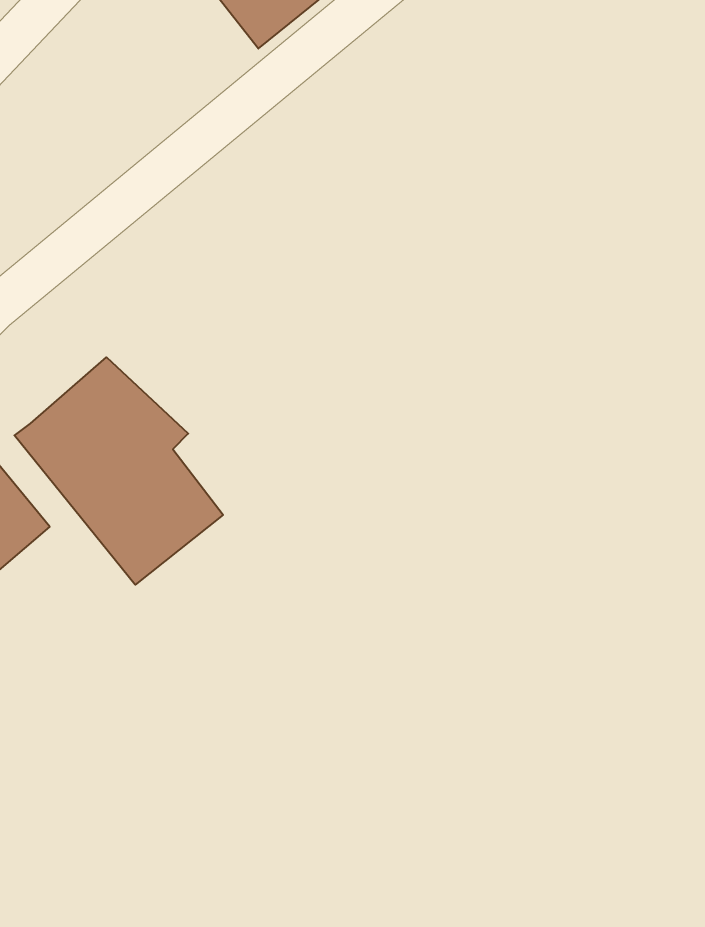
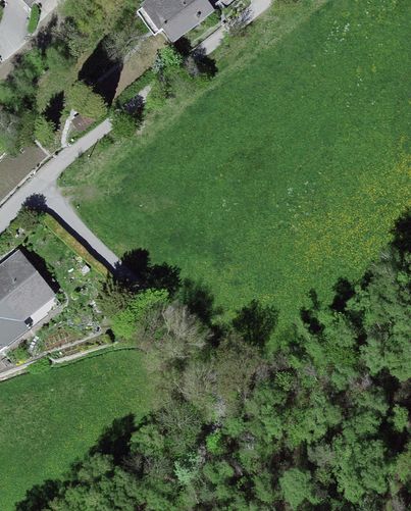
building: [14,357,223,585] -> none

